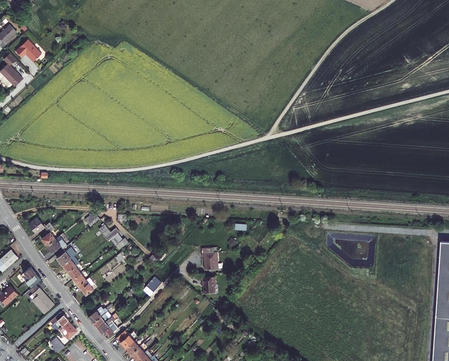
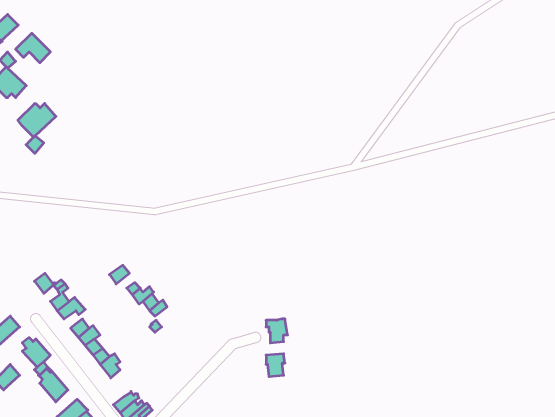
building: none -> [18,103,56,153]

